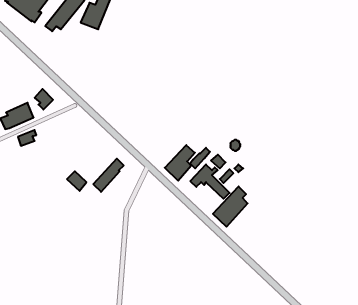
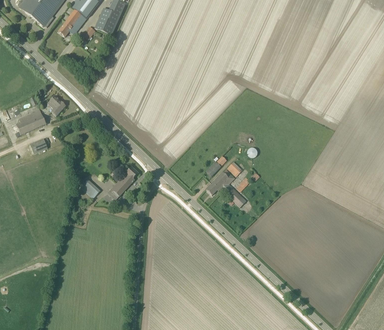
building: [165,145,195,181] -> none
building: [213,186,248,227] -> none

